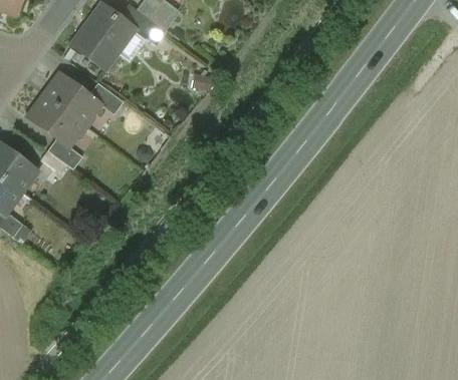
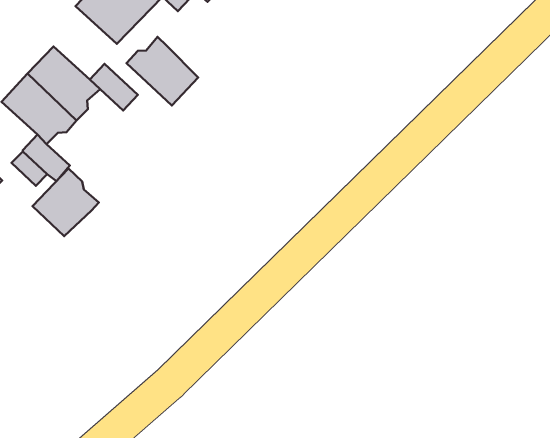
building: none -> [127,37,198,106]
building: none -> [33,168,99,236]

